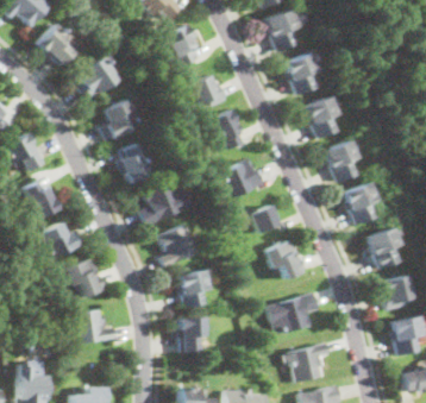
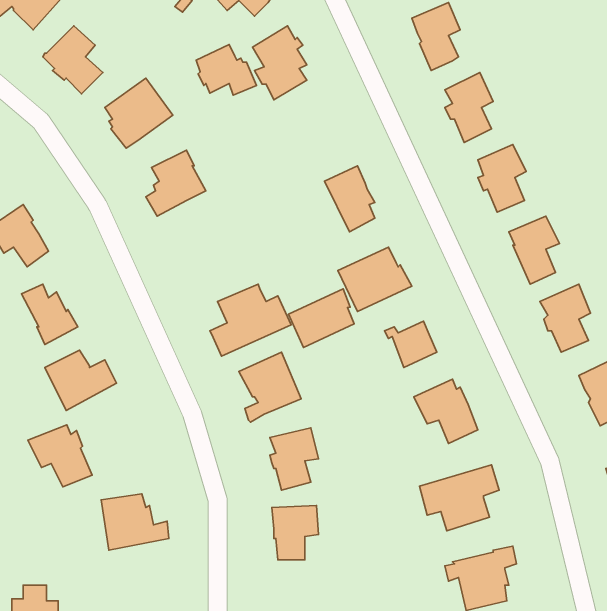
building: [192,75,228,106] -> [196,45,256,95]
building: [119,141,152,183] -> none
building: none -> [289,289,354,347]
building: [67,259,106,297] -> [28,425,92,487]

